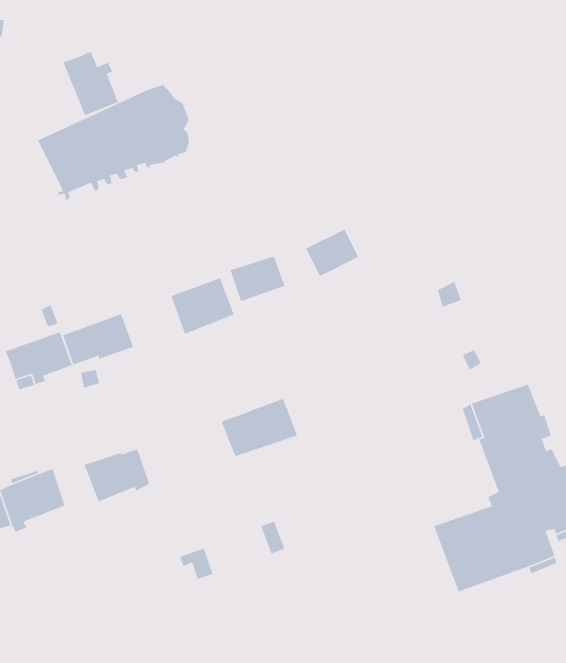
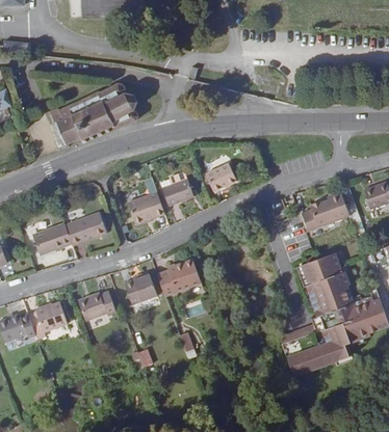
building: [62,51,119,116] -> none
building: none -> [302,194,349,232]
building: none -> [125,274,158,305]

